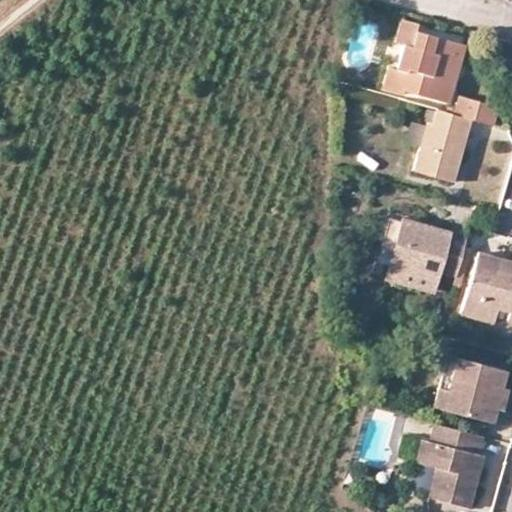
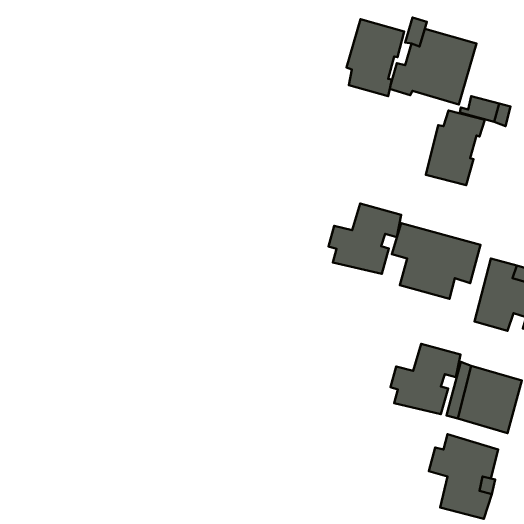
building: none -> [346,19,404,96]
building: none -> [329,204,401,274]
building: none -> [390,344,461,414]

